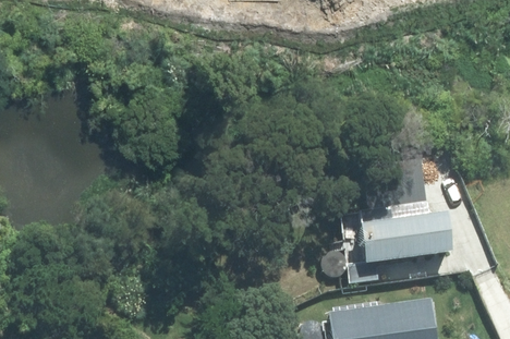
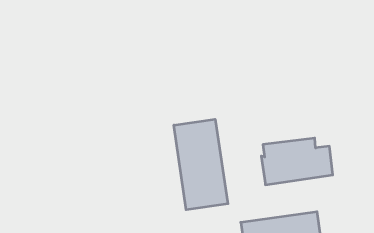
building: none -> [174,119,228,210]

